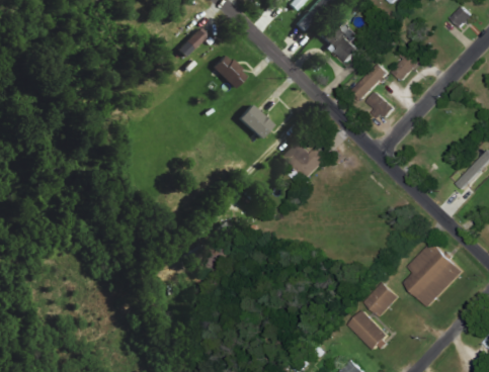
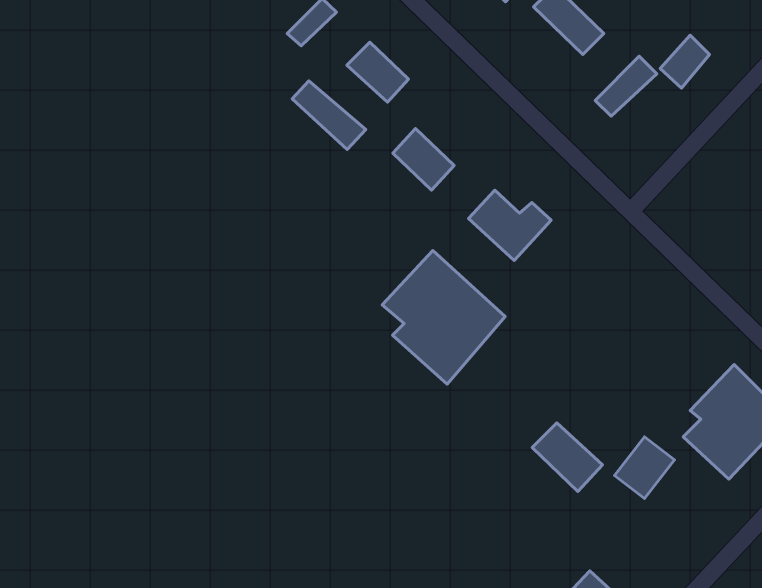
building: none -> [292,81,366,150]
building: [363,93,395,119] -> none
building: none -> [382,251,505,384]
building: [348,310,389,350] -> [532,423,603,491]

